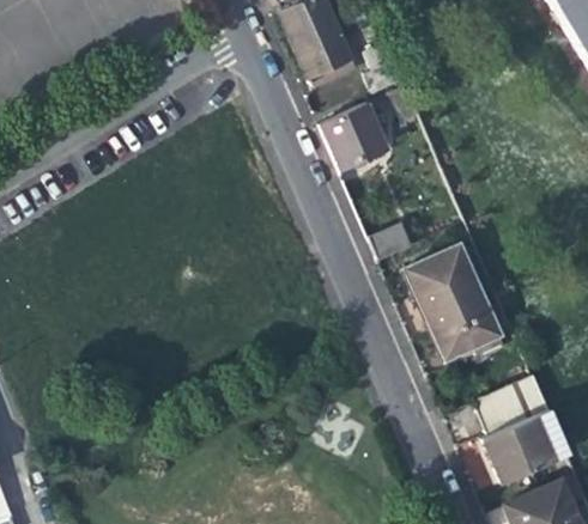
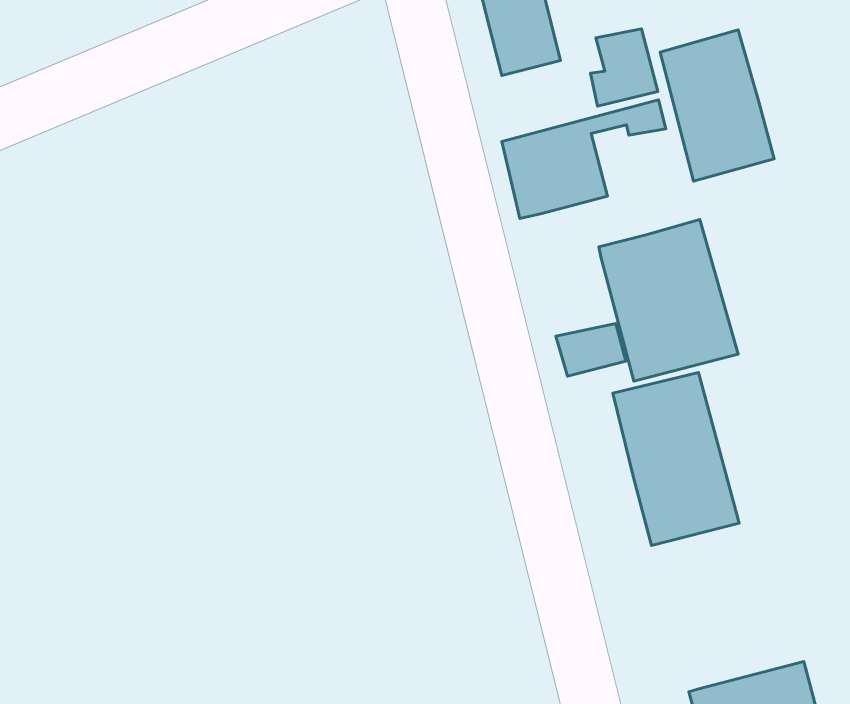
building: none -> [660,30,774,181]
building: none -> [599,220,738,381]
building: [473,377,547,433] -> none

